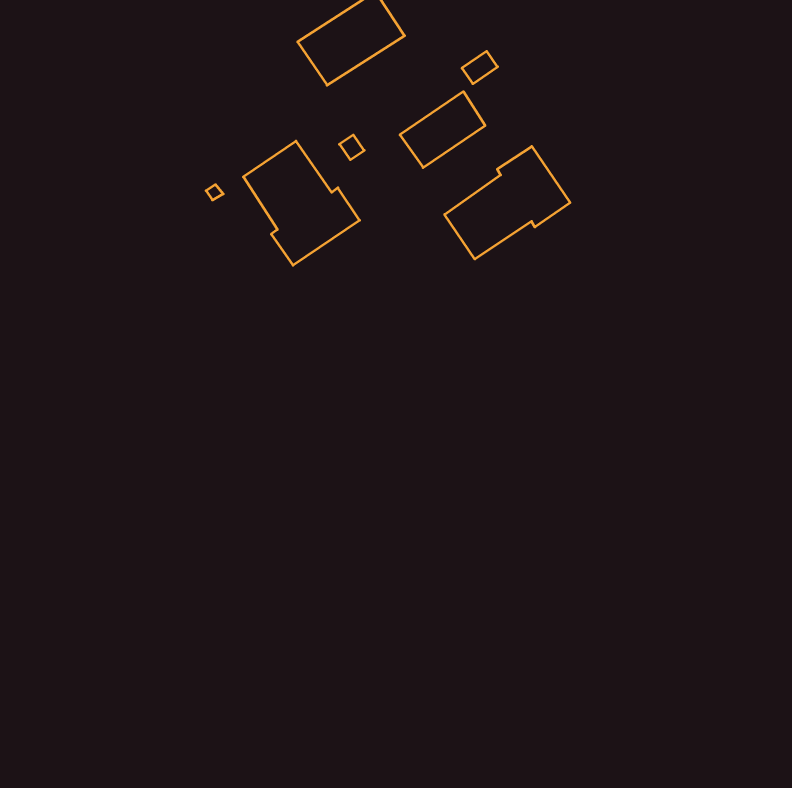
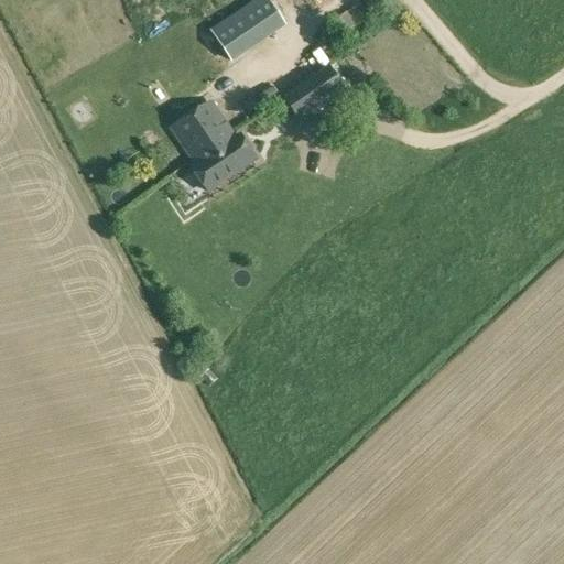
building: [445,146,570,259] -> none

